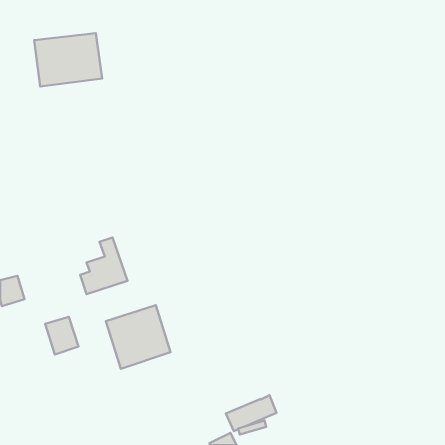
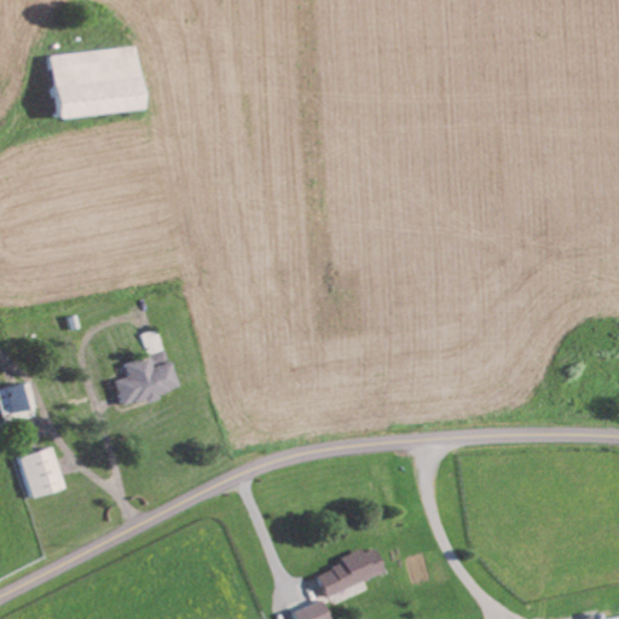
building: [106,305,171,369] -> none
building: [45,317,78,354] -> [17,447,63,499]

